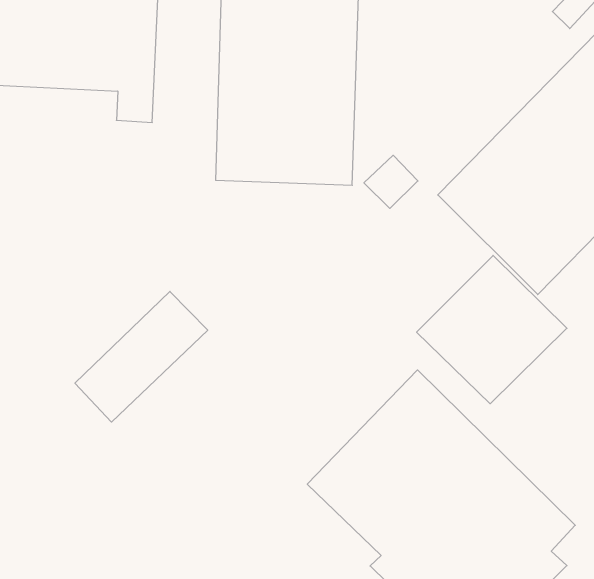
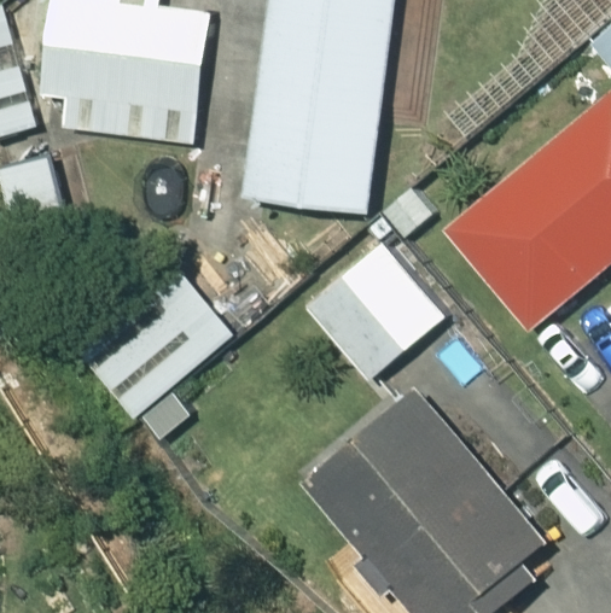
building: [417,255,567,404] -> [304,244,442,379]

